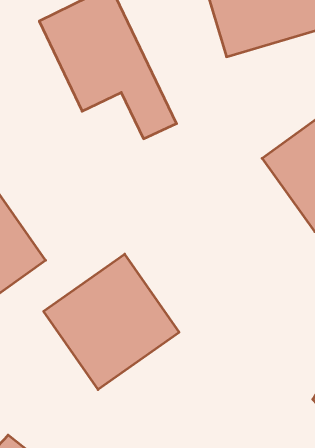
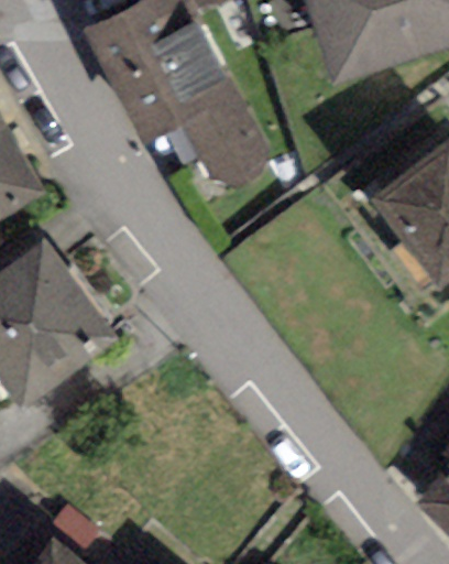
building: [44,254,179,390] -> none

